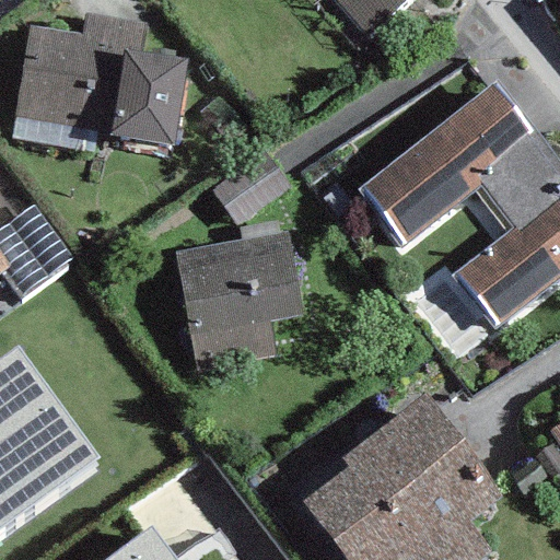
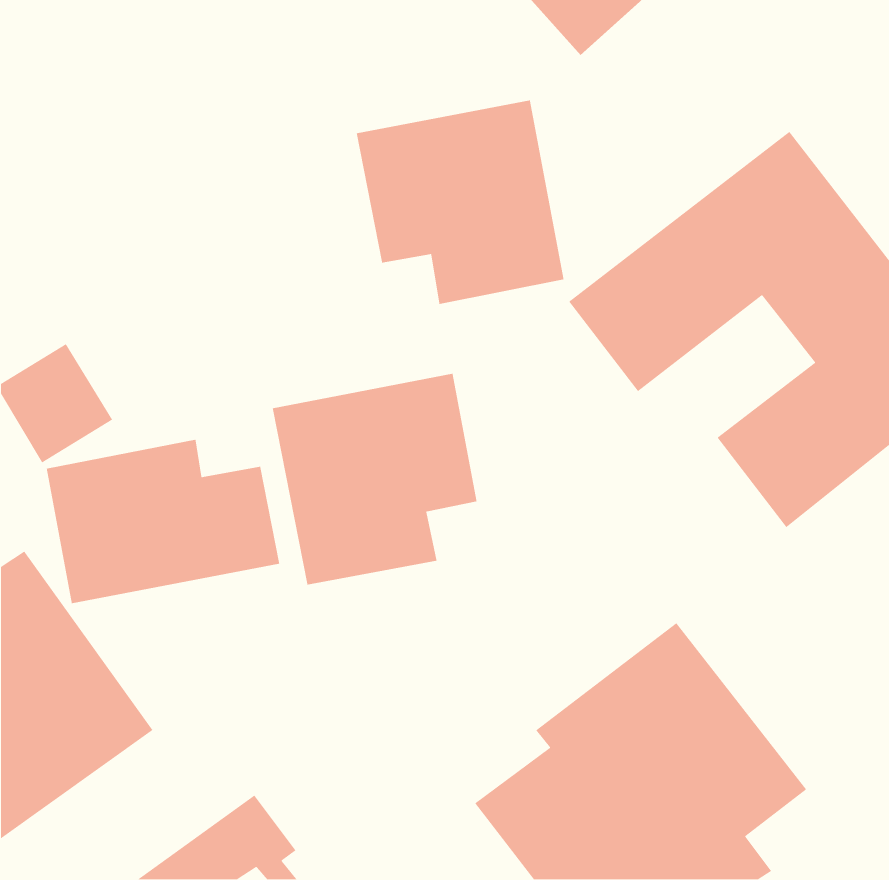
building: [14,12,189,150] -> none
building: none -> [356,99,565,305]
building: none -> [46,439,280,604]

